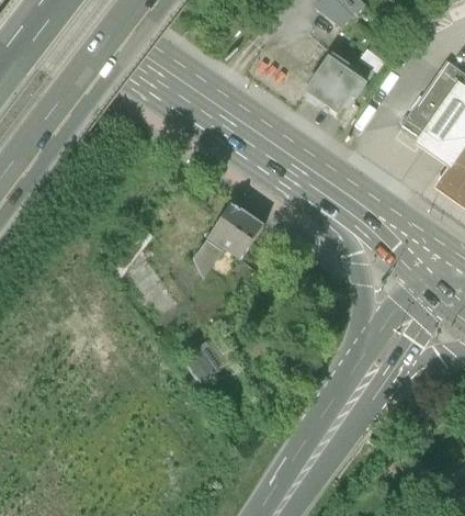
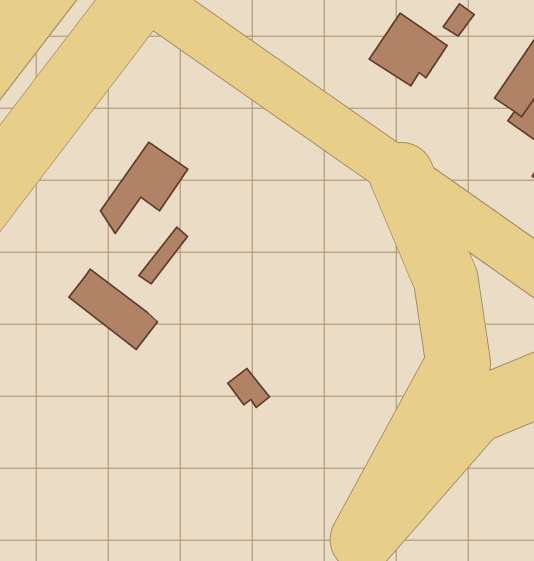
building: [195,201,266,276] -> [100,142,188,234]
building: none -> [69,269,158,350]

